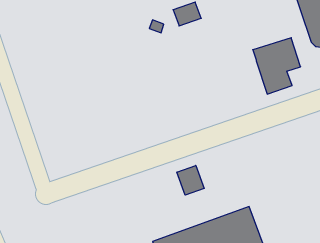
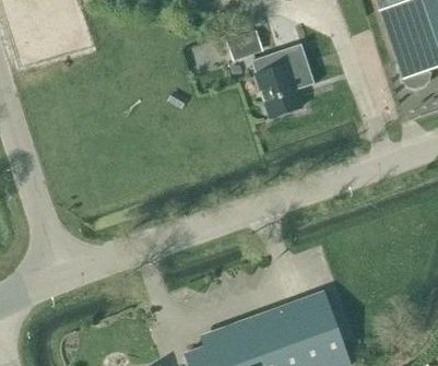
building: [253,38,301,94] -> [251,45,312,117]
building: [177,165,204,195] -> none

